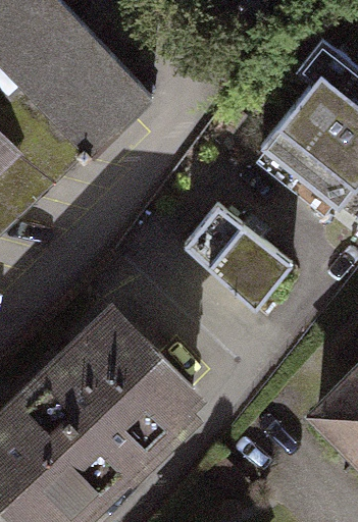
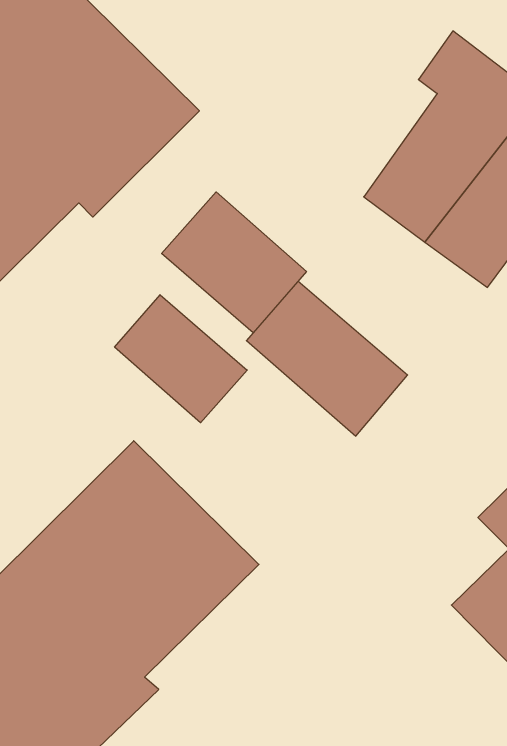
building: none -> [162,192,306,333]
building: none -> [115,295,247,423]

